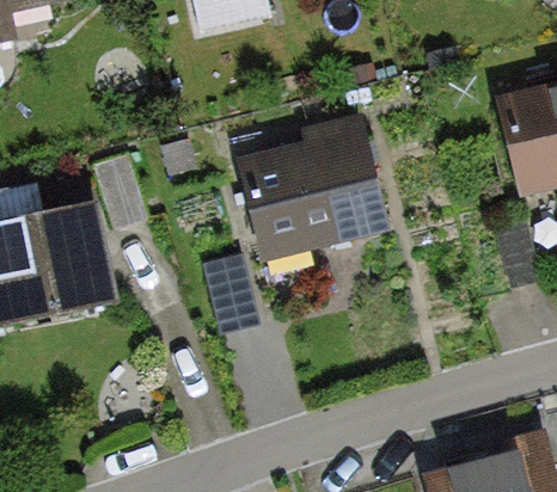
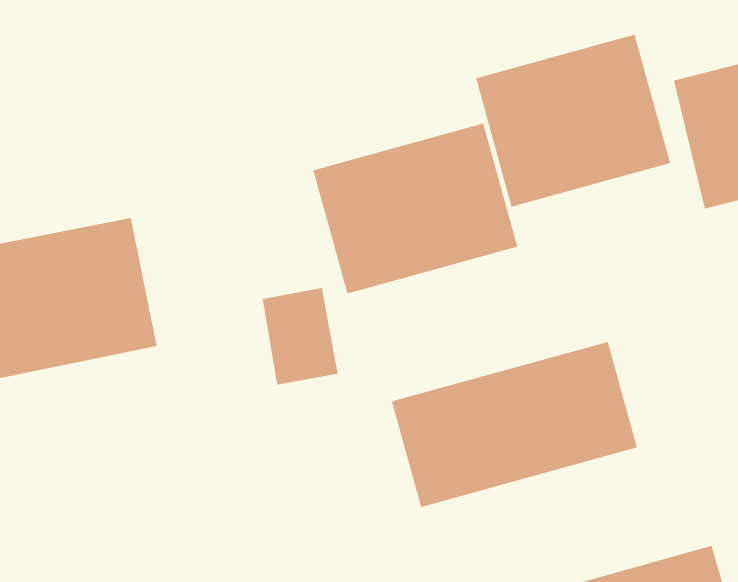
building: none -> [475,34,671,208]
building: none -> [391,341,638,508]

